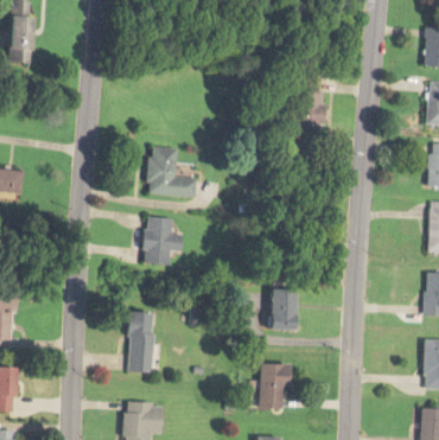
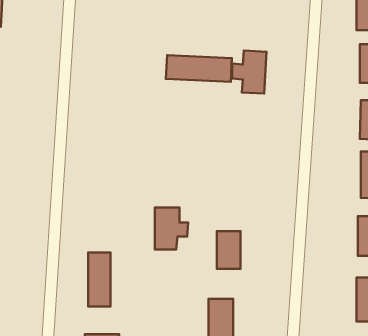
building: none -> [166,55,232,82]
building: [147,147,196,197] -> none
building: [145,218,182,264] -> [155,207,188,249]

